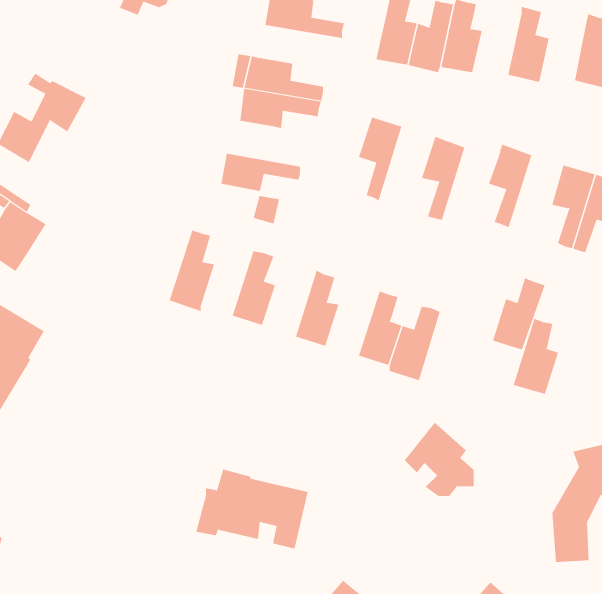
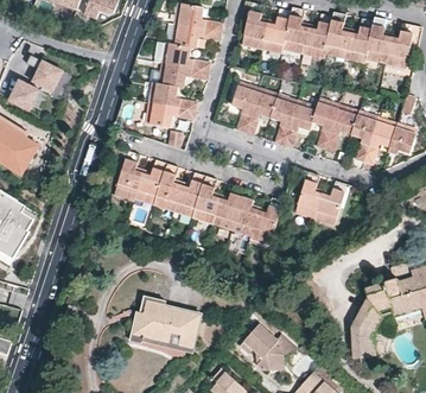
building: none -> [303,14,332,58]
building: none -> [344,19,373,63]
building: none -> [170,24,222,49]
building: none -> [150,82,198,112]
building: none -> [244,87,279,135]
building: none -> [284,100,318,148]
building: none -> [325,104,358,152]
building: none -> [134,160,166,204]
building: none -> [172,172,205,217]
building: none -> [211,185,244,229]
building: [513,318,559,395] -> [294,172,323,220]
building: [404,422,475,496] -> [240,323,284,369]

